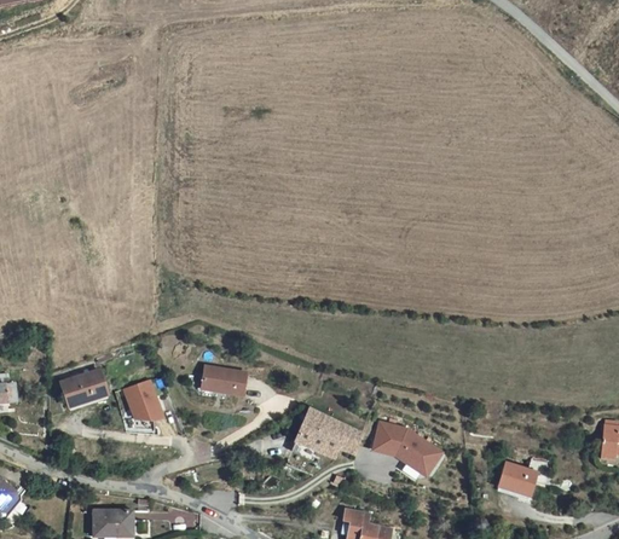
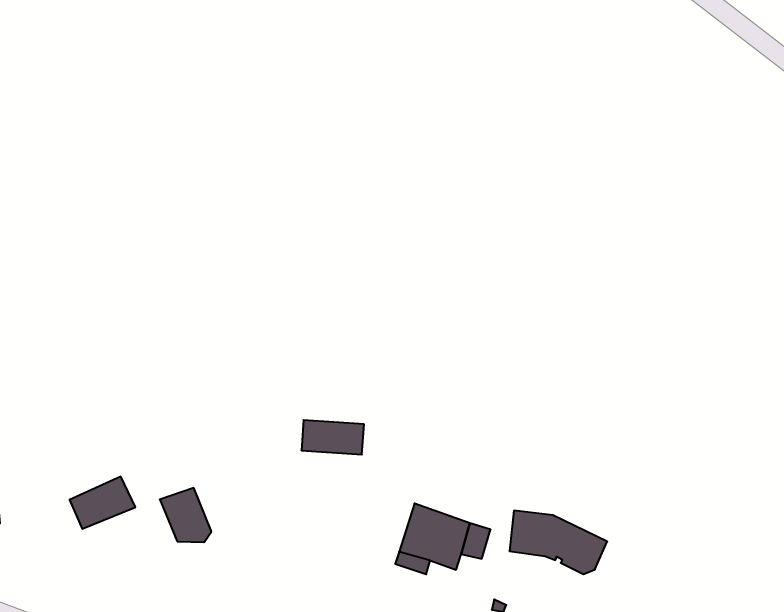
building: [201,369,248,398] -> [301,420,364,455]
building: [499,463,537,497] -> none

